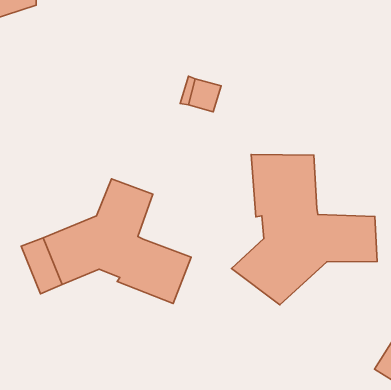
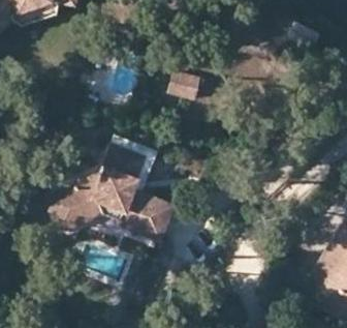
building: [231,154,377,305] -> none

